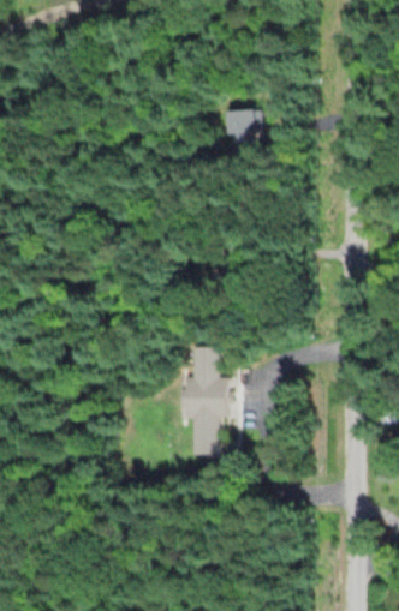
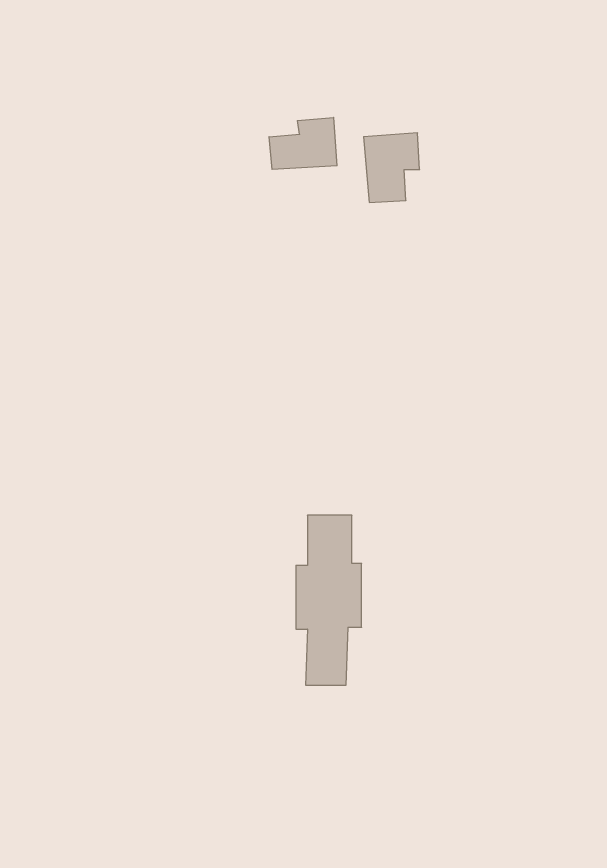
building: none -> [269,117,337,169]

